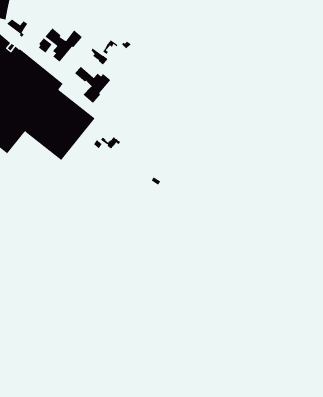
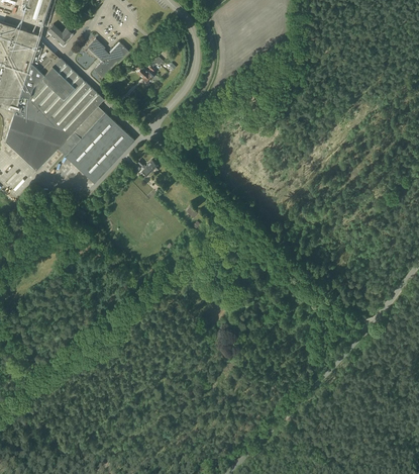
building: [74,66,111,104] -> none

